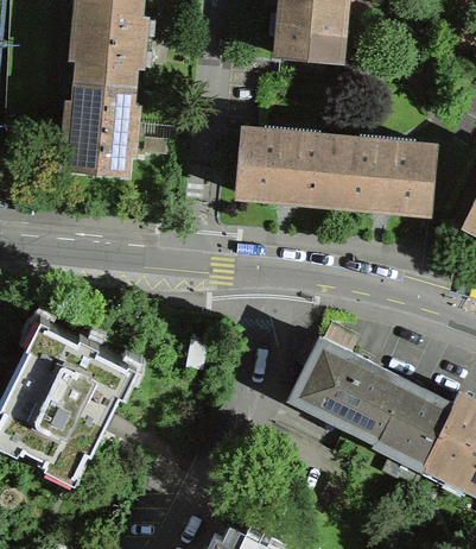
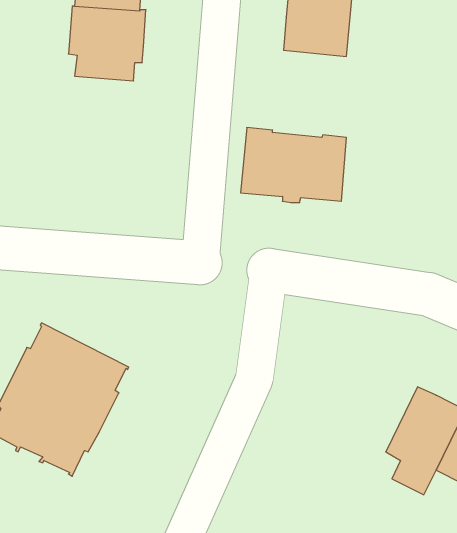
building: [66,82,137,177] -> none
building: [332,141,434,214] -> none
building: [288,339,406,446] -> none

